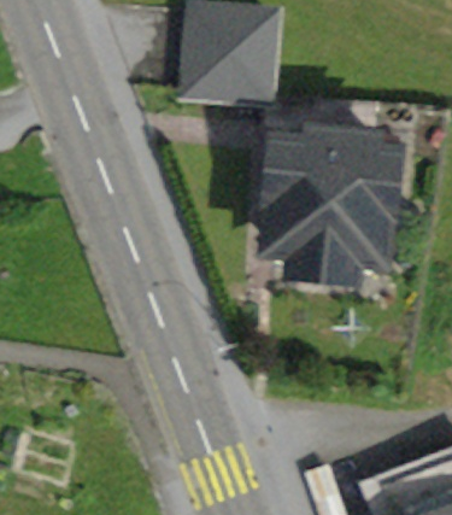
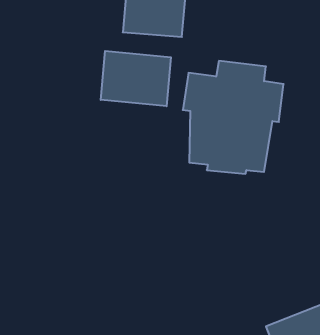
building: none -> [101,51,171,106]

